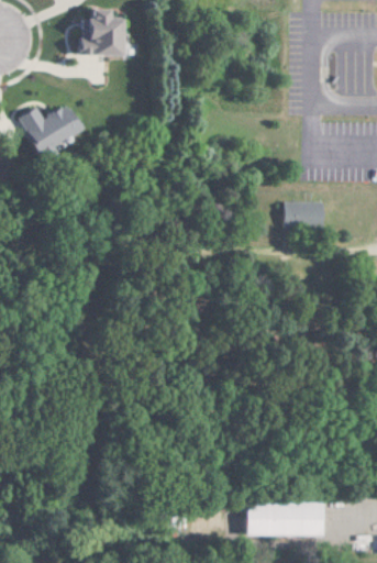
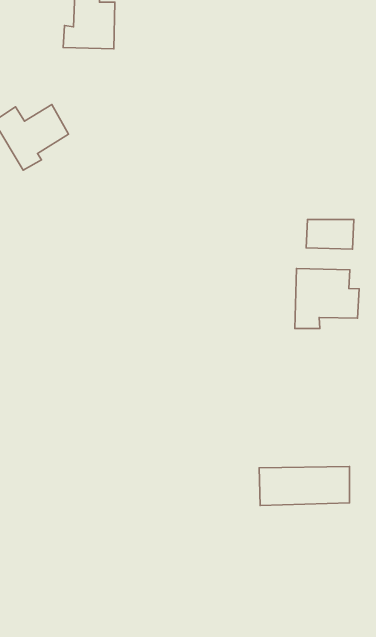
building: none -> [295,268,359,329]
building: [245,504,322,537] -> [259,467,349,505]

